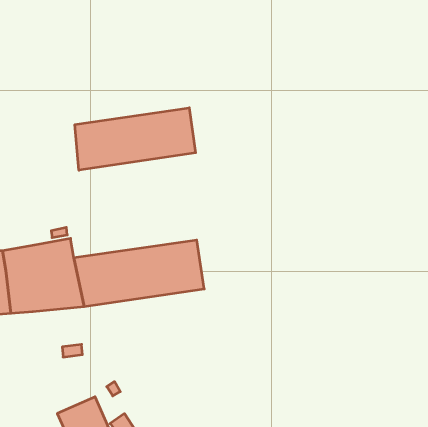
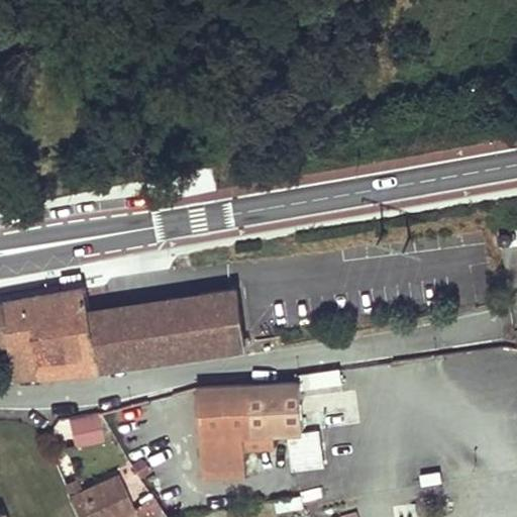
building: [75,108,196,170] -> none
building: none -> [196,387,302,482]

